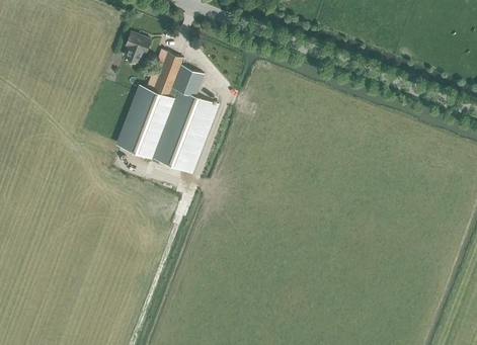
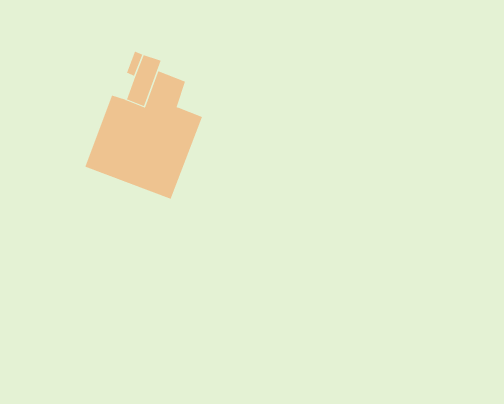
building: [124,31,150,62] -> none

